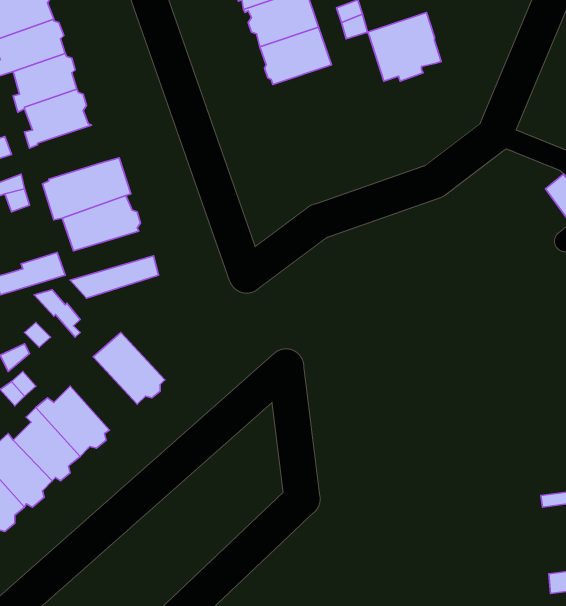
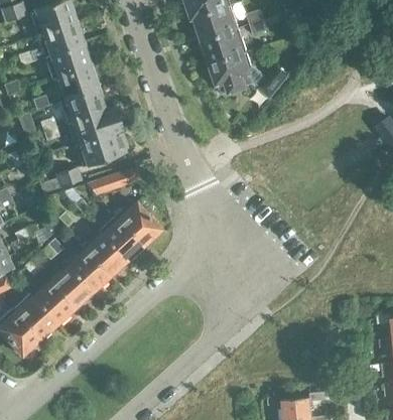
building: [368,13,441,81] -> [210,50,255,93]
building: none -> [59,88,104,124]
building: none -> [115,201,159,245]
building: none -> [82,231,126,276]

